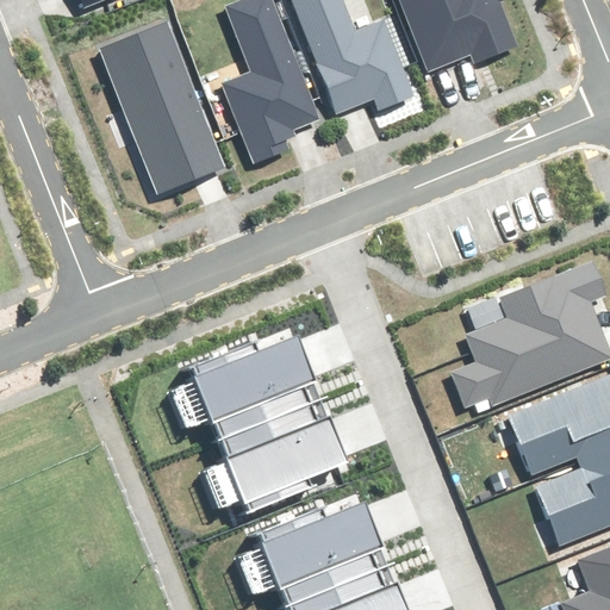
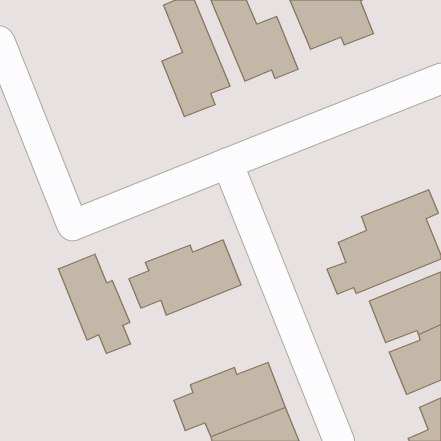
building: [100,21,222,192] -> none
building: none -> [58,254,130,354]
building: [208,393,357,510] -> none

